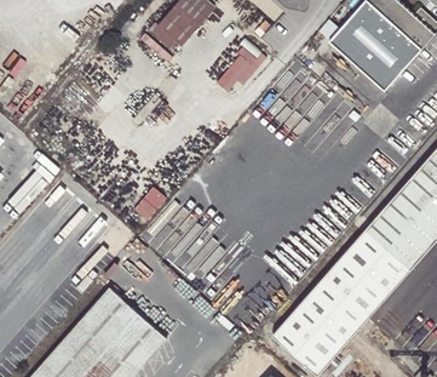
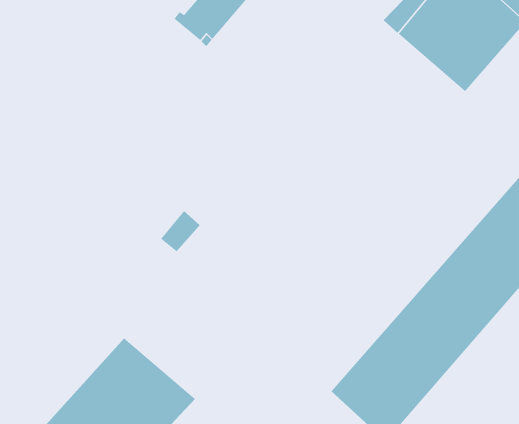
building: [218,40,270,92] -> none

